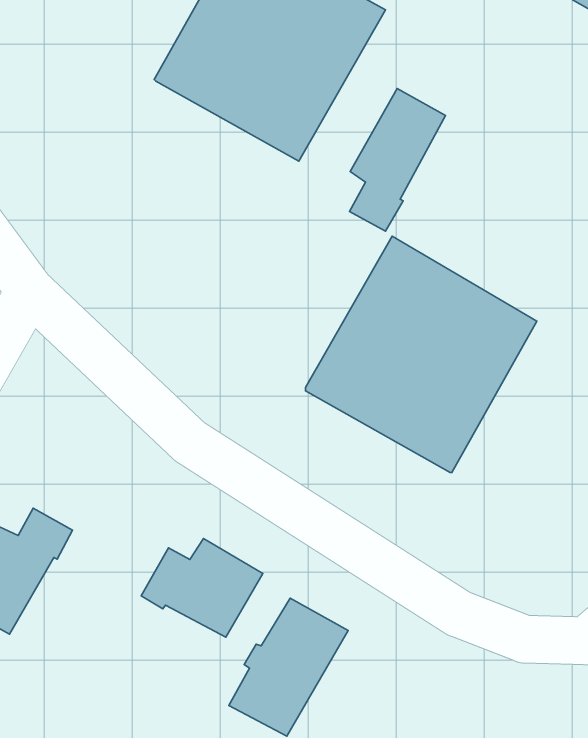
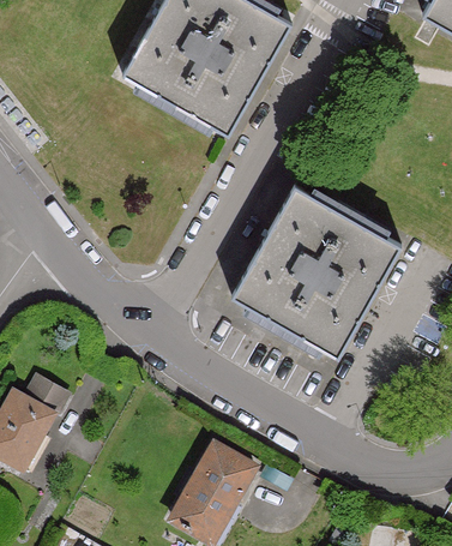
building: [349,88,445,231] -> none
building: [141,538,263,637] -> none

